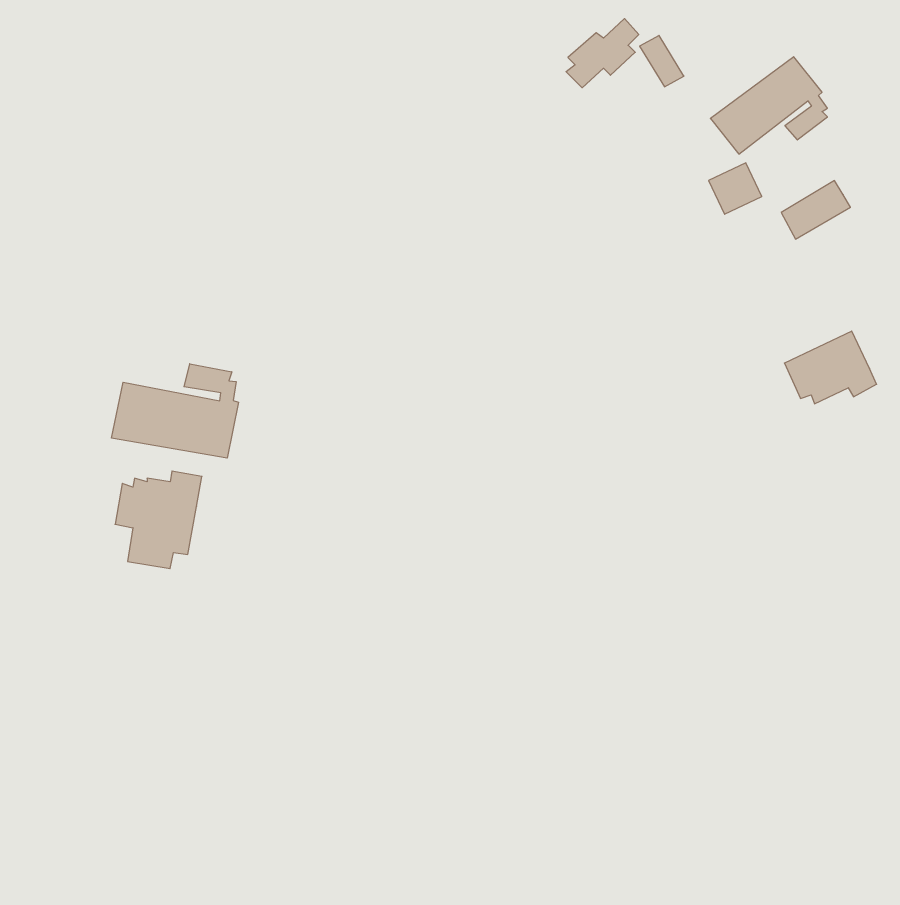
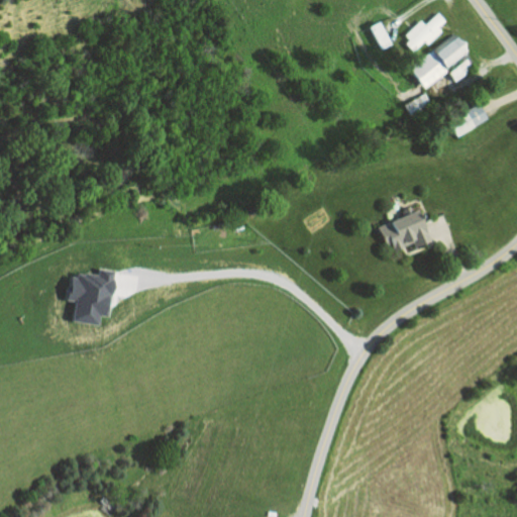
building: [566,19,639,88] -> [405,12,446,51]
building: [784,331,877,404] -> [378,210,430,251]
building: [112,364,239,458] -> none

